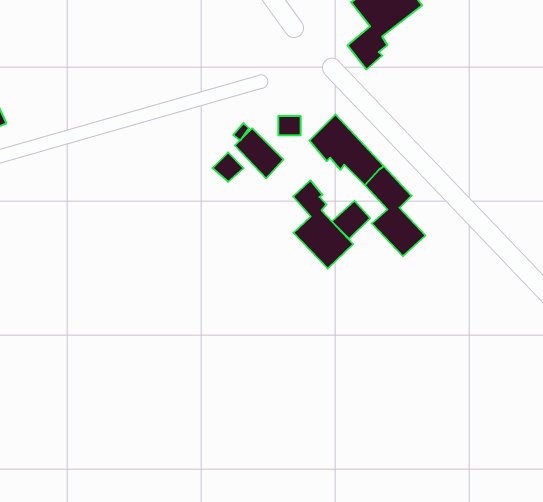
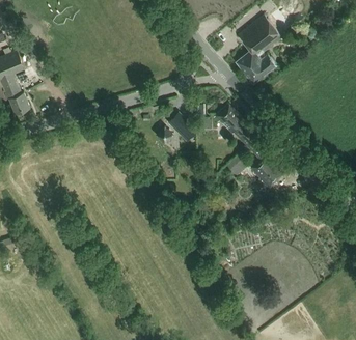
building: none -> [247,54,277,84]
building: [293,180,353,269] -> none

